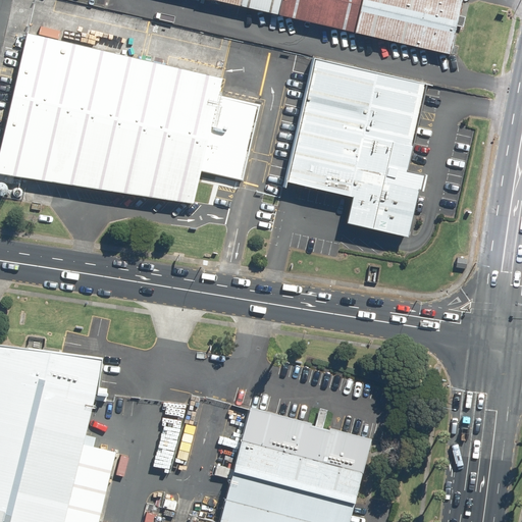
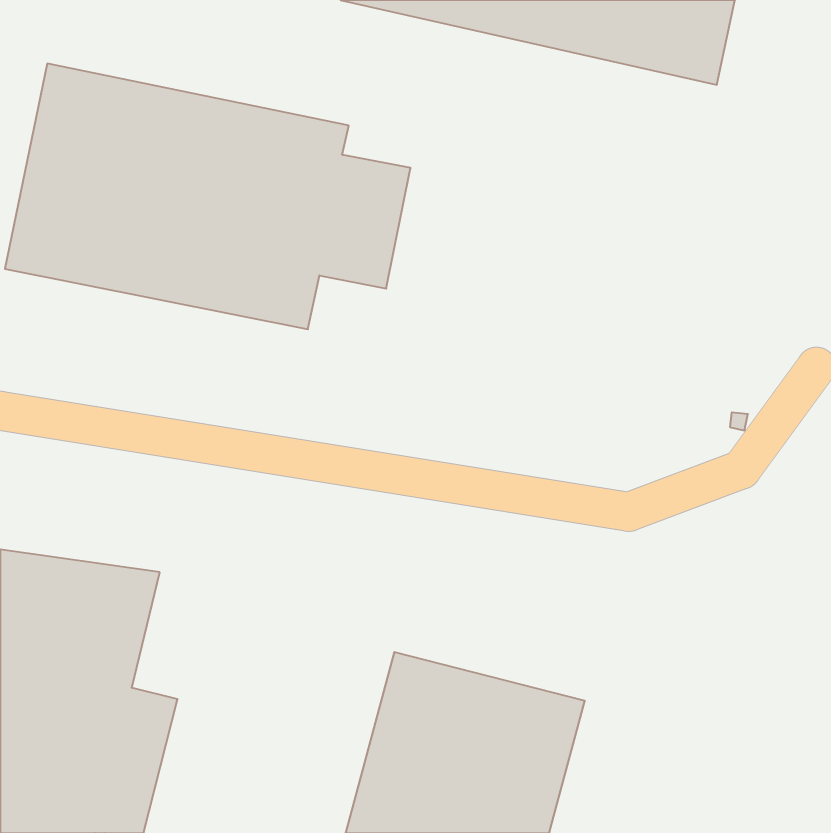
building: [283,59,424,232] -> none

